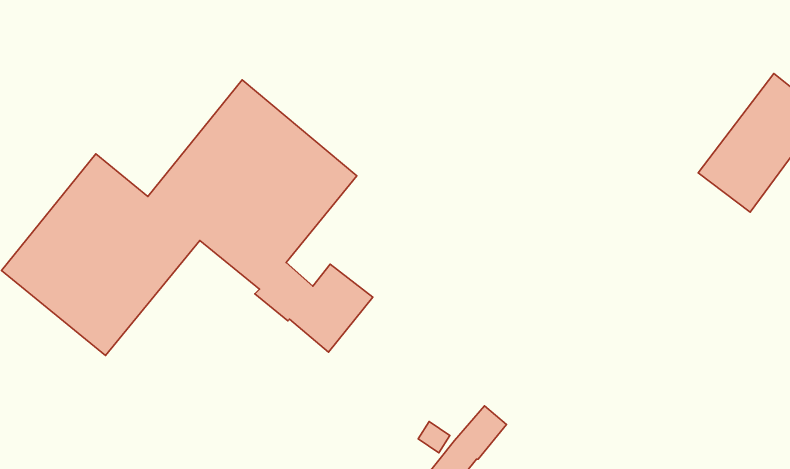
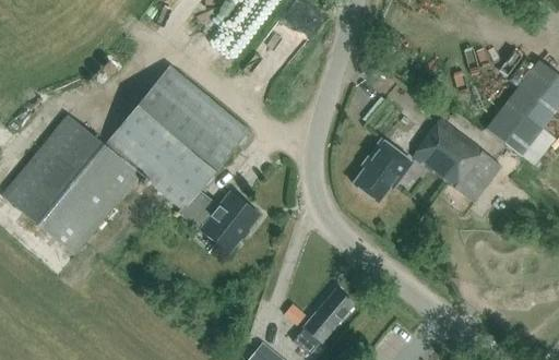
building: none -> [413,118,502,203]
building: none -> [355,137,415,200]

